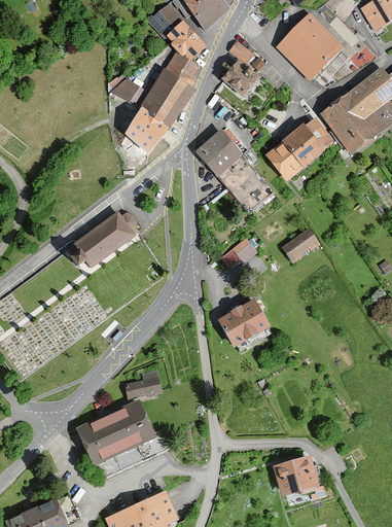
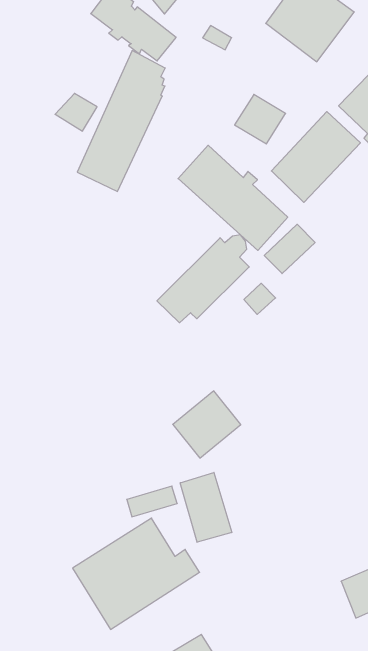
building: [221,62,260,100] -> [235,94,286,144]
building: [63,207,135,266] -> [157,235,249,323]
building: [280,227,319,262] -> [264,224,315,274]
building: [220,301,271,349] -> [173,391,241,458]
building: none -> [180,472,232,542]

